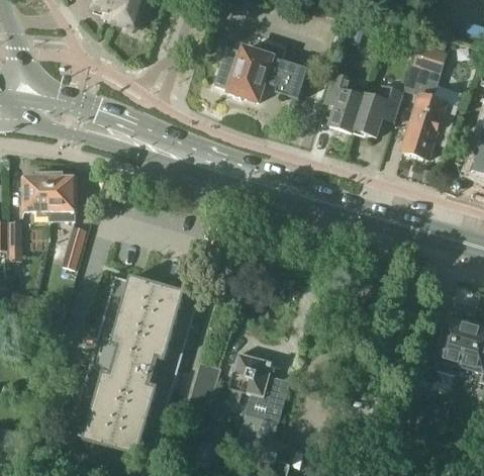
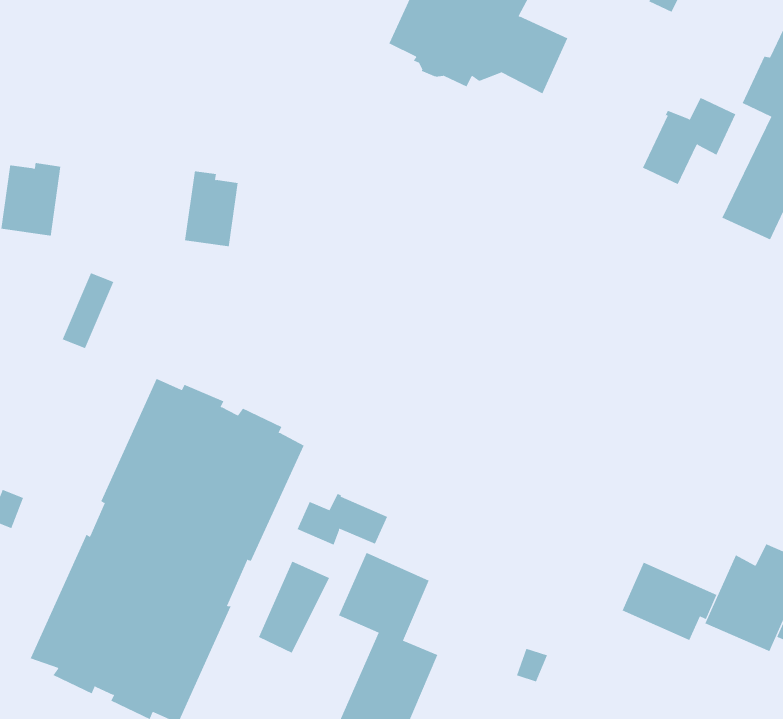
building: [322,72,364,131] -> none
building: [50,172,74,209] -> [184,171,239,247]
building: none -> [297,493,388,546]
building: none -> [622,562,717,641]

